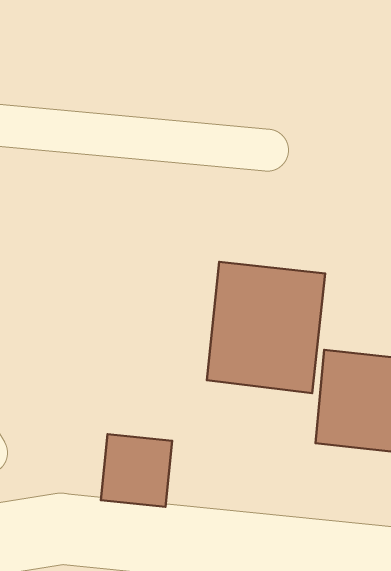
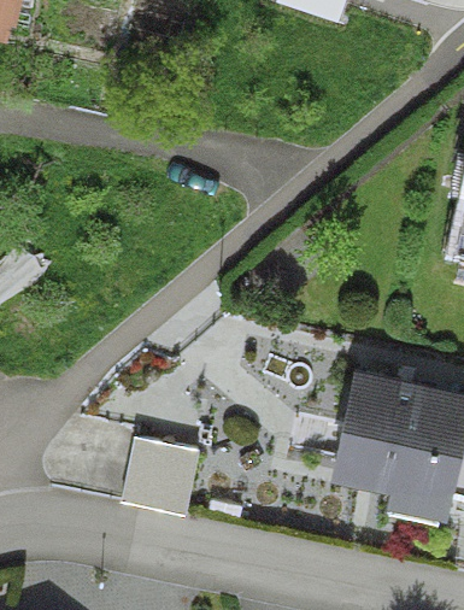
building: [207,262,325,393] -> none

